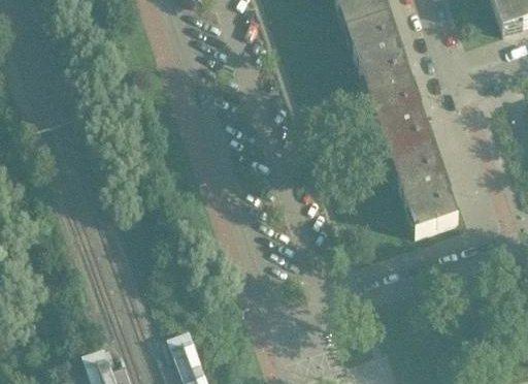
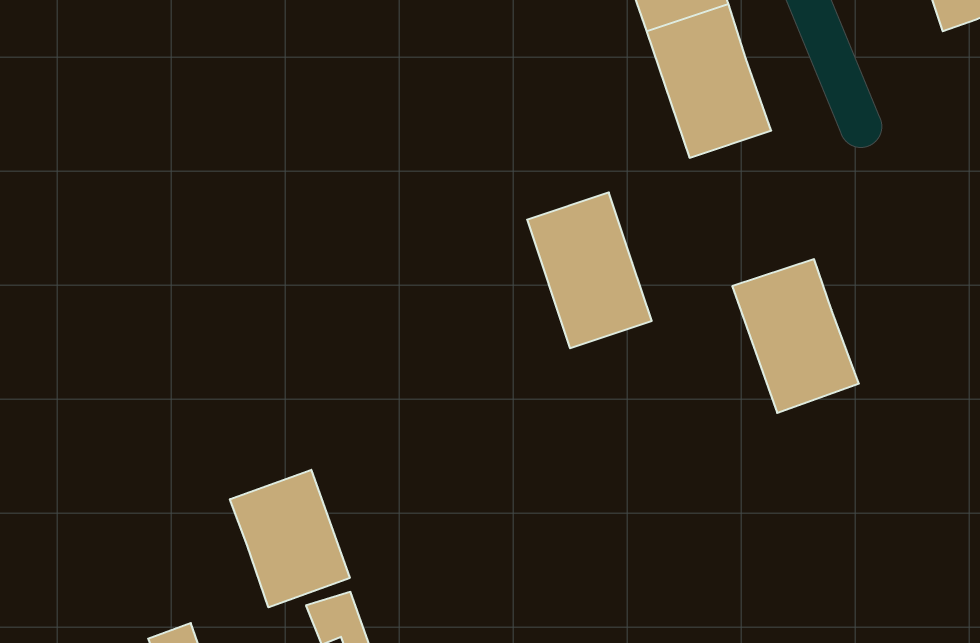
building: [369,84,435,166] -> [527,192,652,348]
building: none -> [230,470,350,607]

